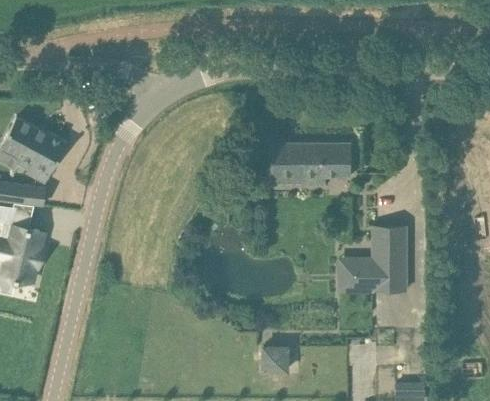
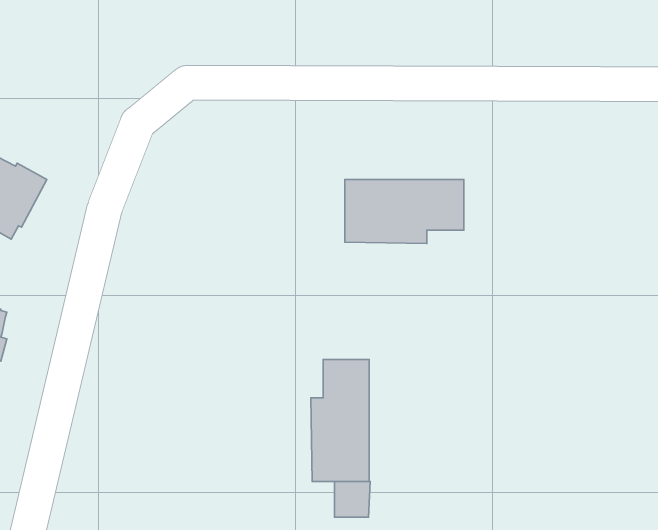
building: [337,226,406,291] -> none
building: none -> [311,360,369,482]

